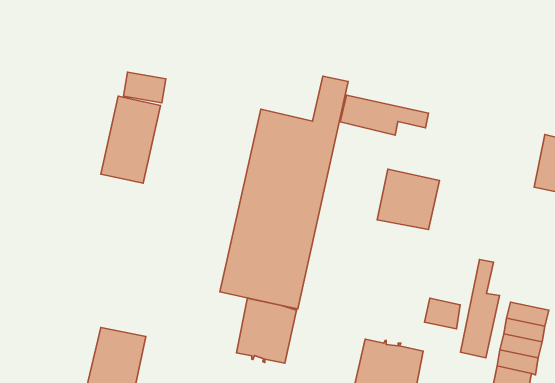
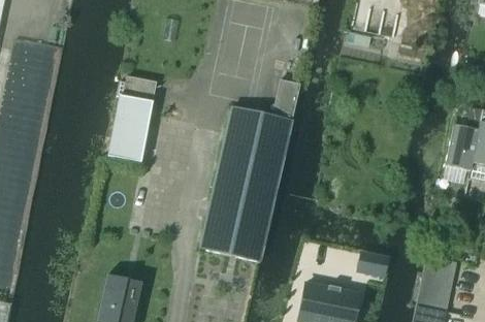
building: [340,95,429,135] -> none
building: [377,169,440,229] -> none
building: [461,260,500,358] -> none
building: [237,298,297,363] -> none

